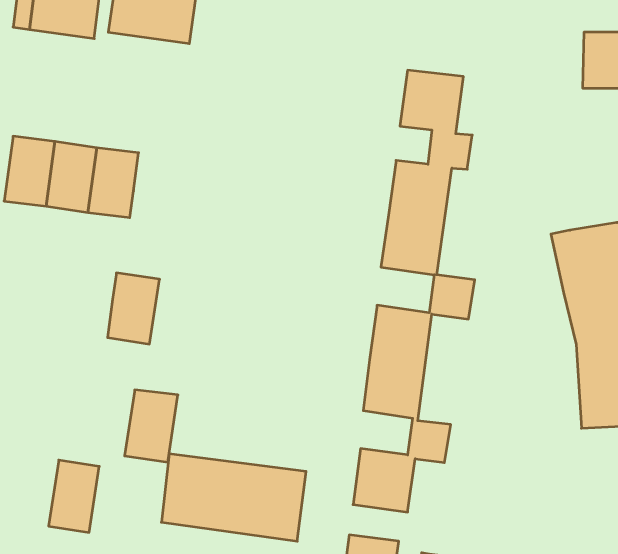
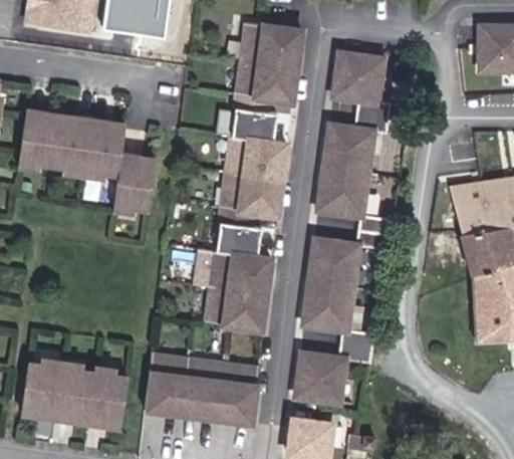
building: none -> [206,28,300,335]
building: [108,273,160,344] -> [114,152,156,208]
building: [125,390,178,462] -> [86,370,128,427]
building: none -> [21,361,62,417]

